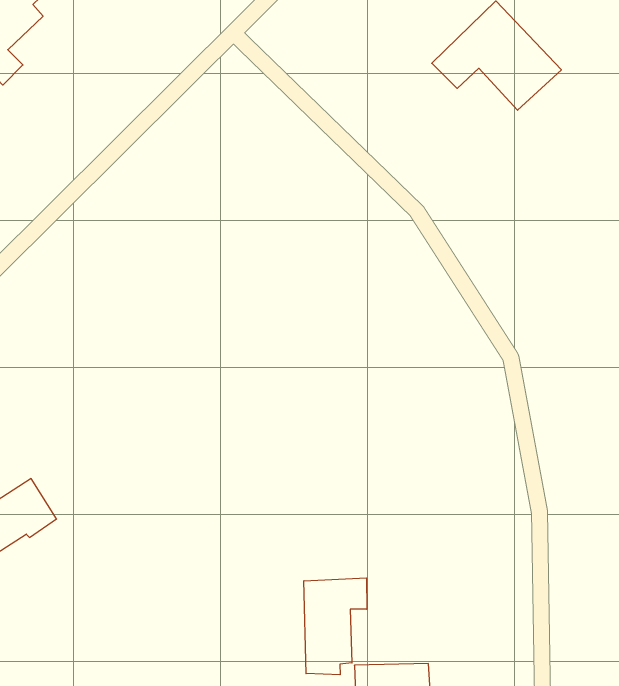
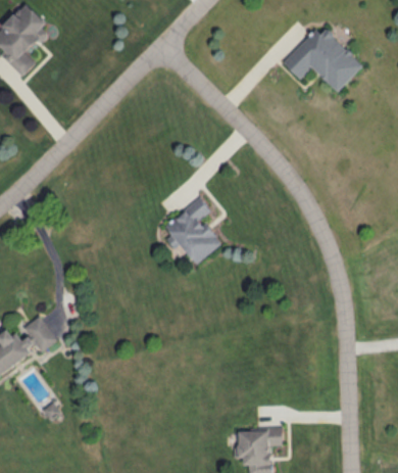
building: none -> [165,198,221,264]
building: [304,578,367,675] -> none

